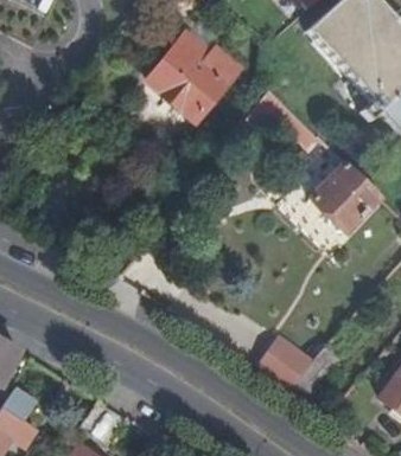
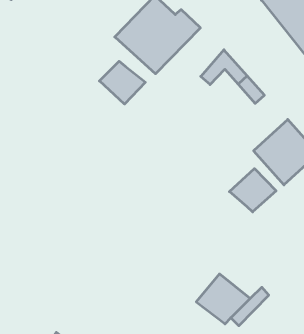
building: none -> [99,61,145,104]
building: none -> [229,169,276,212]

